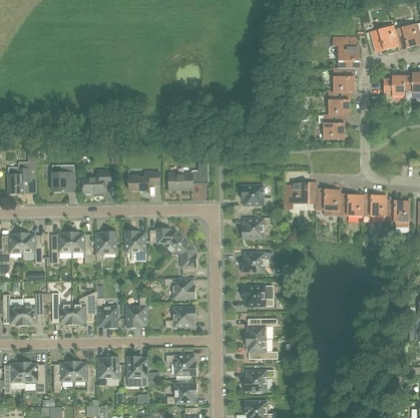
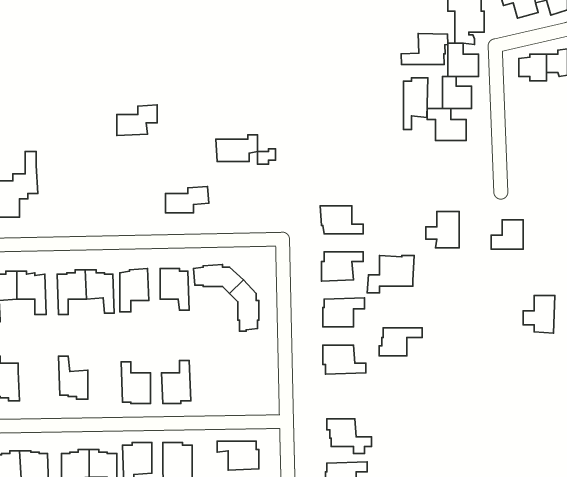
building: none -> [401,34,448,64]
building: none -> [403,78,428,130]
building: [51,163,74,190] -> none
building: [82,169,111,191] -> [117,105,157,135]
building: [167,169,197,188] -> [216,135,257,161]
building: [283,181,317,208] -> [367,255,414,293]
building: [340,193,363,216] -> none
building: [386,199,409,227] -> [523,296,555,333]
building: [159,278,194,298] -> none
building: [72,292,92,324] -> none
building: [22,293,42,325] -> none
building: [164,306,194,327] -> none
building: [245,318,276,338] -> [379,328,422,356]

